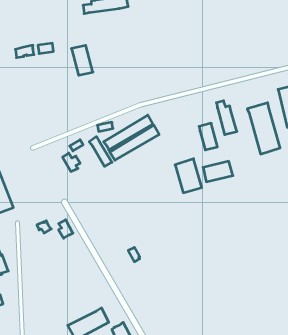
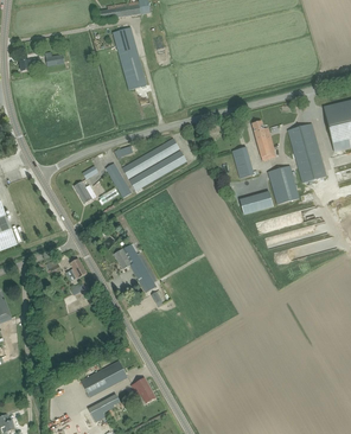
building: [71,45,93,75] -> [117,45,142,79]
building: [175,159,202,193] -> [267,165,298,204]
building: none -> [114,244,155,293]

